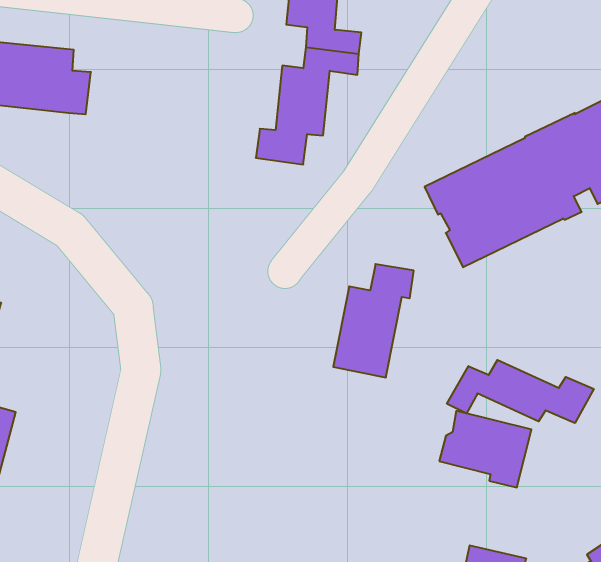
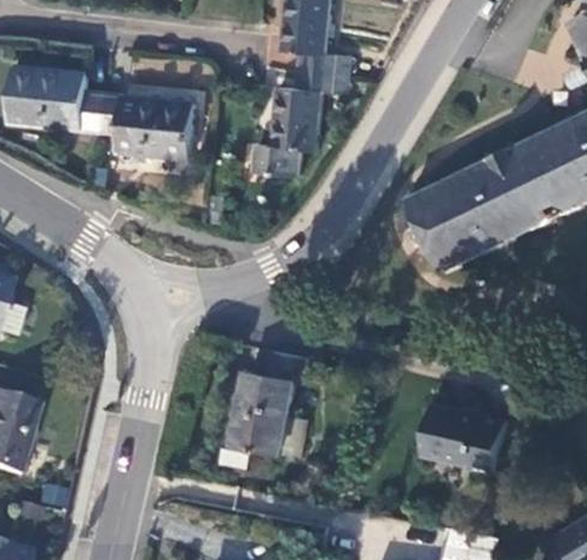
building: none -> [98,92,194,158]
building: [333,264,414,377] -> [232,349,306,453]
building: [447,360,594,423] -> none

